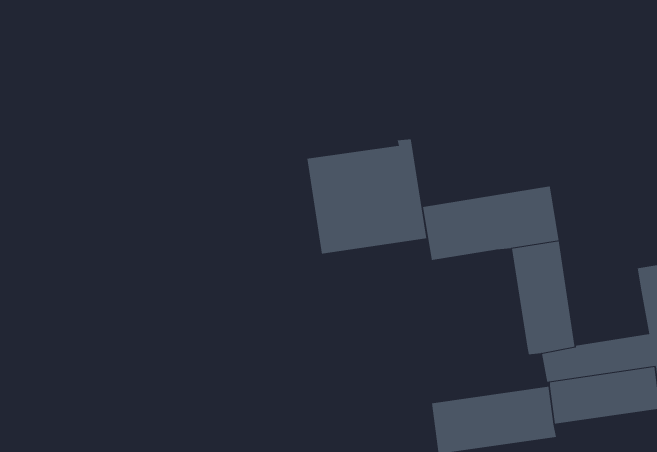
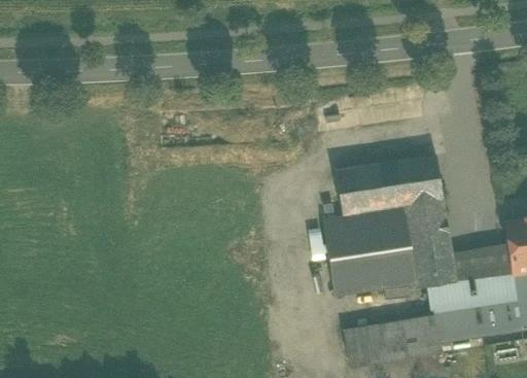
building: [307,139,427,254] -> [323,207,418,298]
building: none -> [451,241,514,283]

